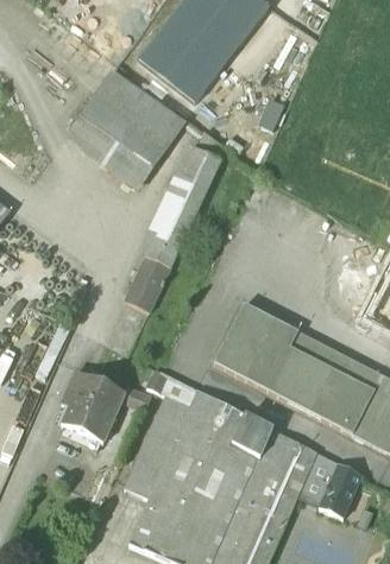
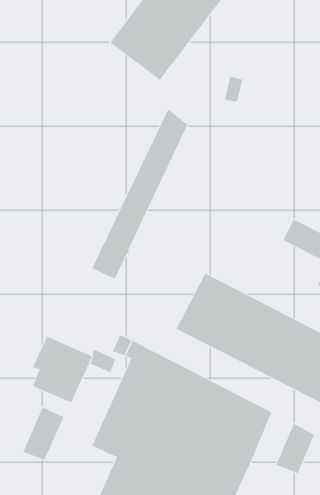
building: [71,70,185,180] -> none
building: none -> [22,407,64,460]
building: [297,450,339,506] -> none

